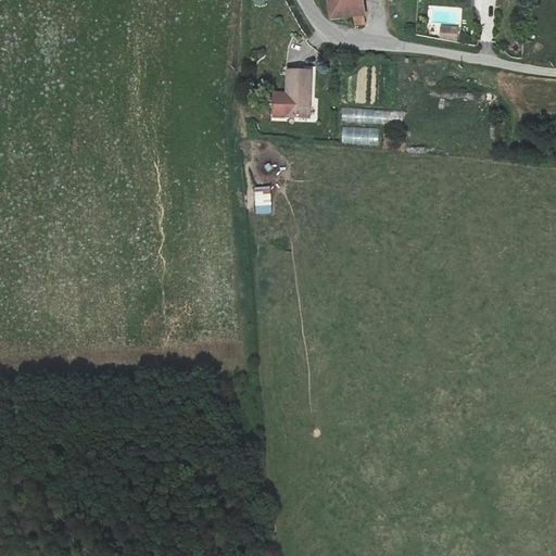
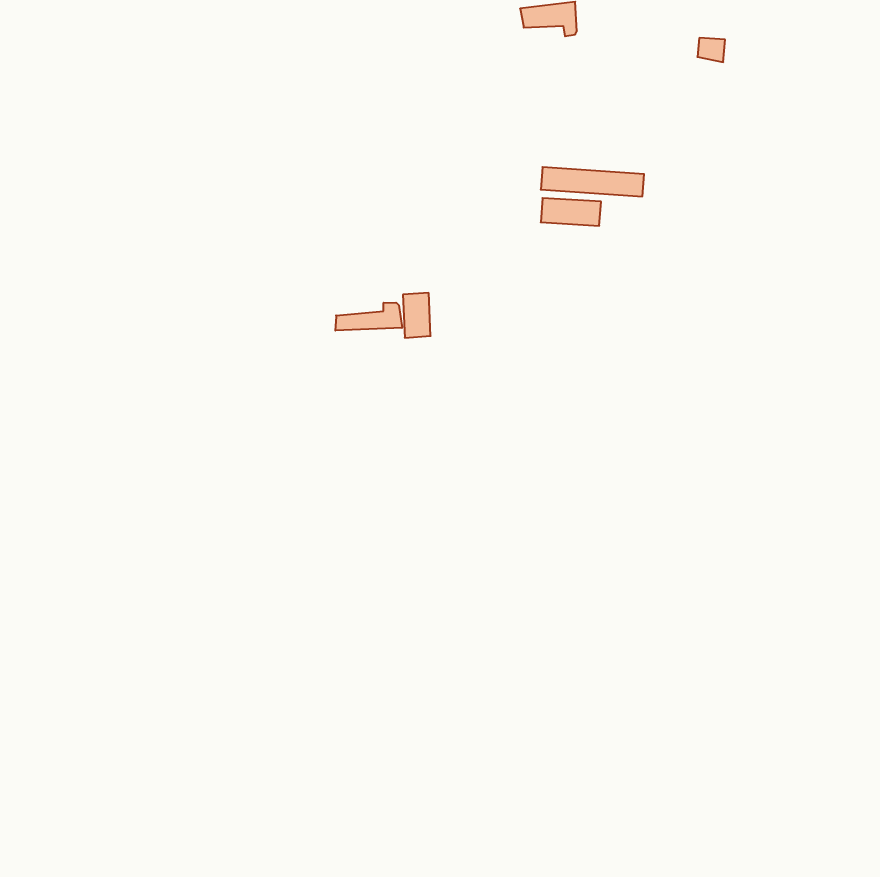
building: [273,67,312,114] -> none
building: none -> [335,303,402,331]

